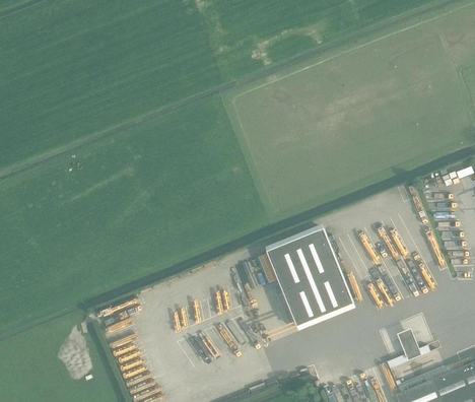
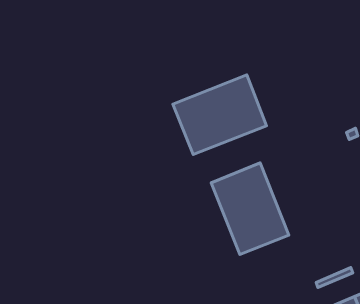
building: none -> [173,75,267,155]

